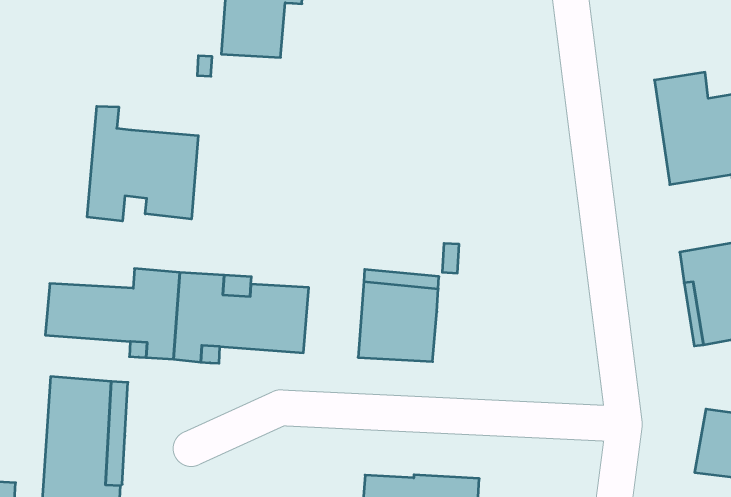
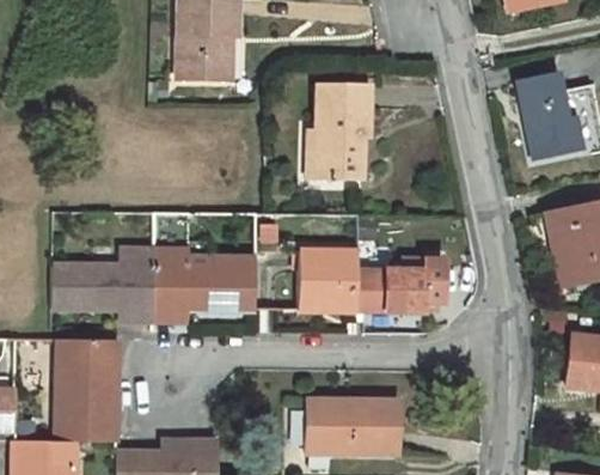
building: none -> [316,83,371,178]
building: [87,106,198,221] -> none
building: none -> [356,258,446,311]

